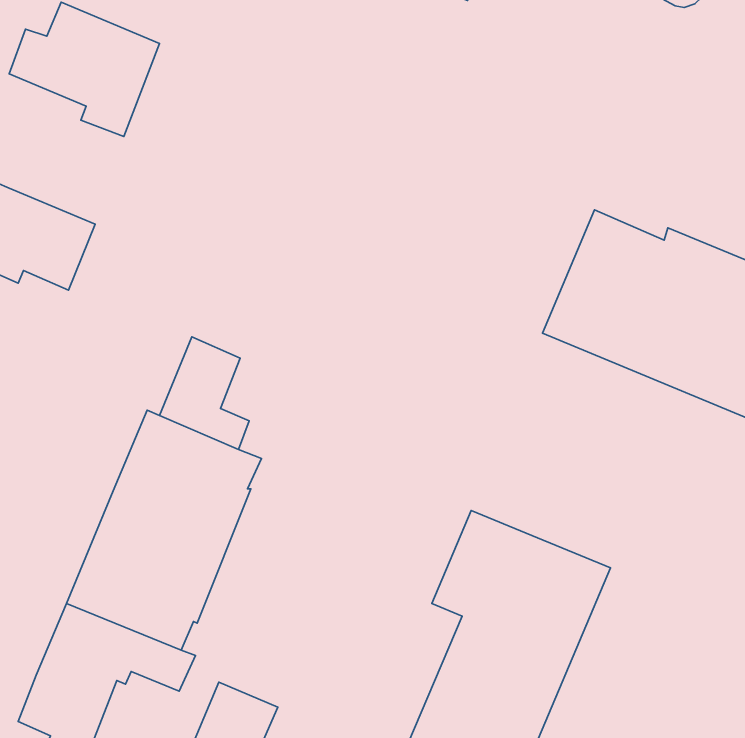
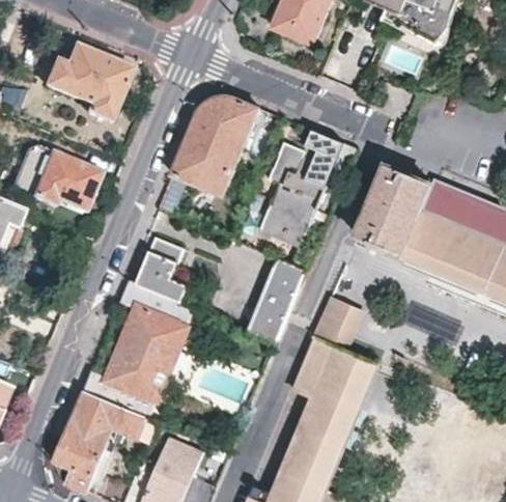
building: none -> [156,94,257,215]
building: none -> [261,129,341,240]
building: none -> [247,259,303,342]
building: none -> [314,302,365,353]

